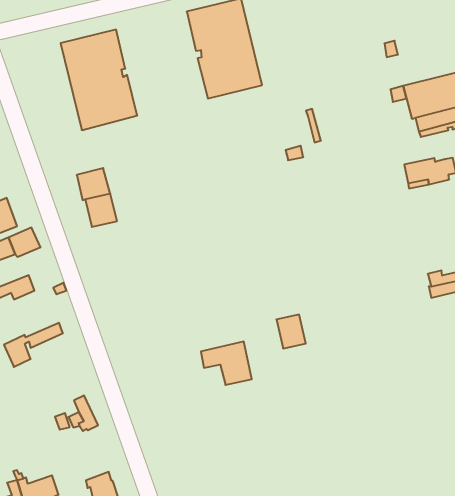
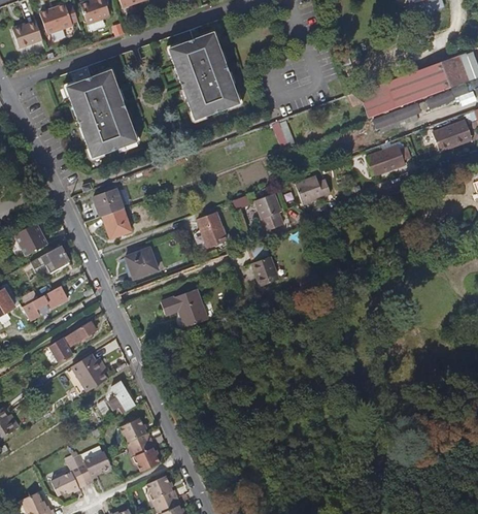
building: none -> [297,178,331,203]
building: none -> [255,193,283,230]
building: none -> [197,213,226,247]
building: none -> [122,247,155,279]
building: [276,315,306,348] -> [254,256,281,286]
building: [201,341,252,385] -> [163,287,208,325]
building: none -> [71,353,106,391]
building: none -> [118,420,147,452]

